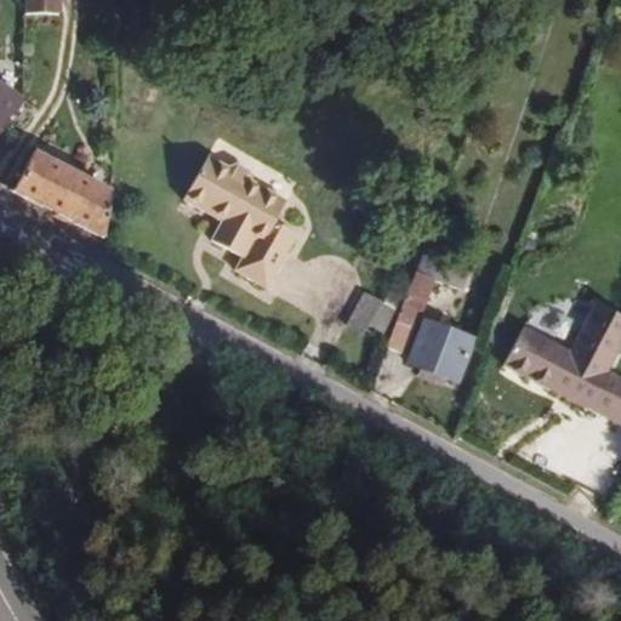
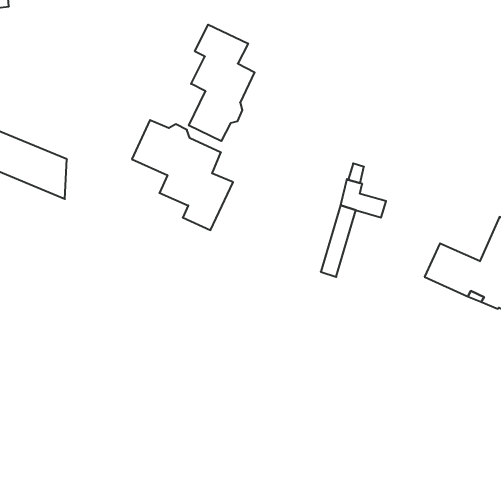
building: none -> [189,25,255,141]
building: [347,292,393,337] -> none
building: [409,320,473,380] -> none

